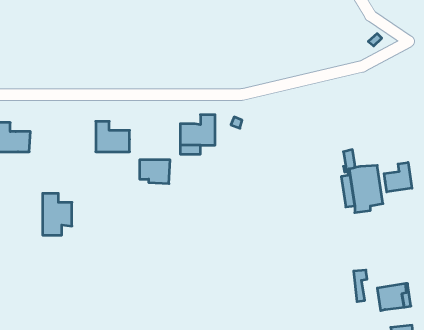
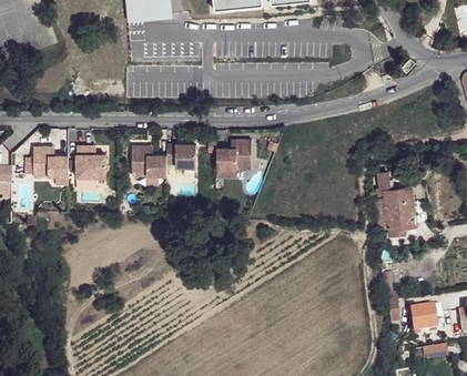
building: [140,160,170,184] -> [166,144,196,167]
building: [384,162,412,192] -> none
building: [43,193,72,235] -> [77,145,105,186]

